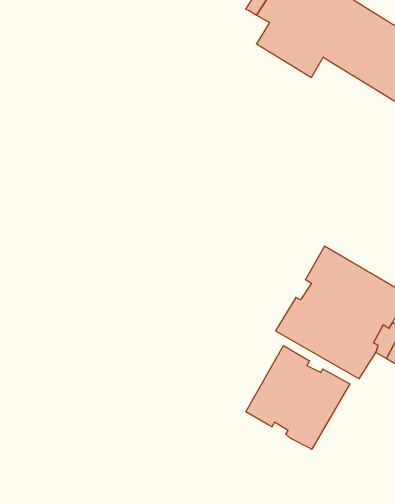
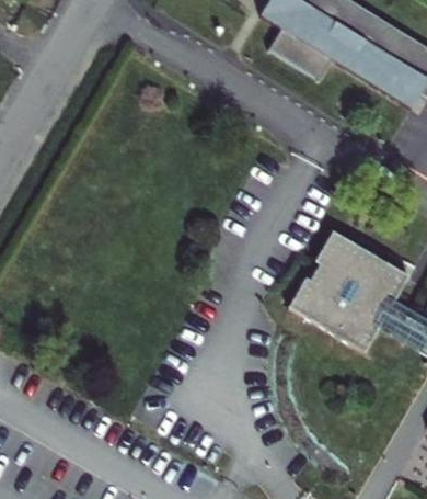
building: [246,346,350,449] -> none

